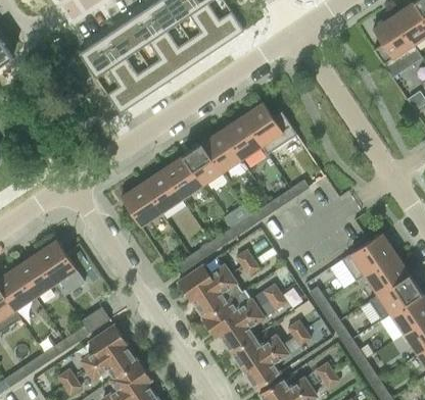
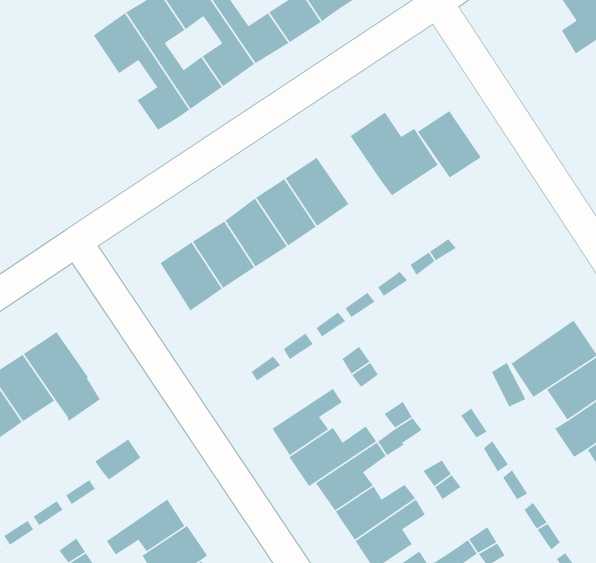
building: [220,116,261,159] -> [417,110,482,179]
building: [178,264,230,301] -> none
building: [80,324,127,370] -> none

